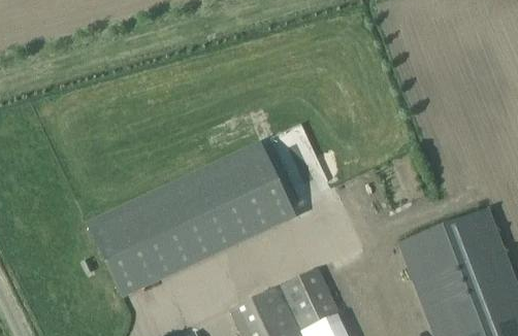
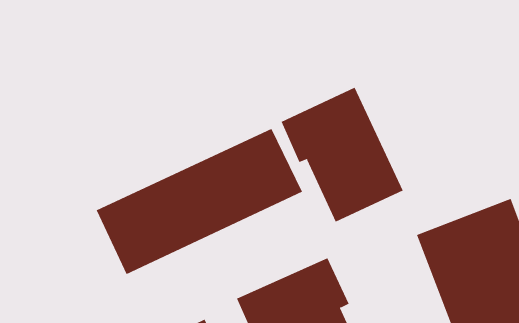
building: none -> [281,87,404,222]

